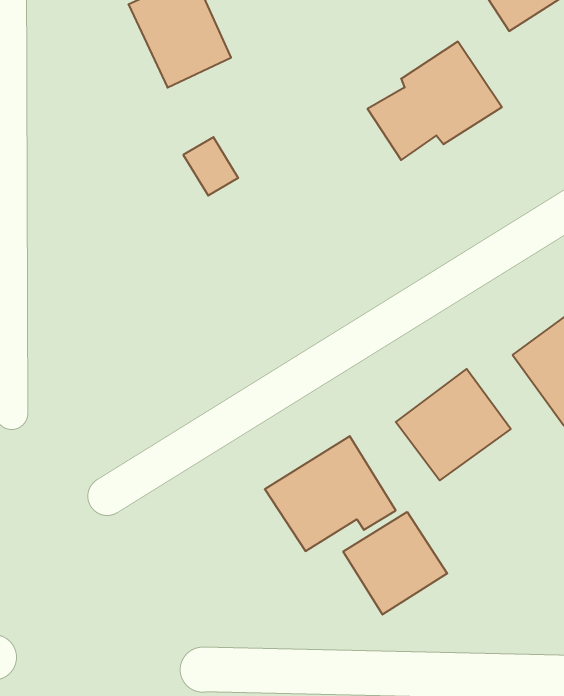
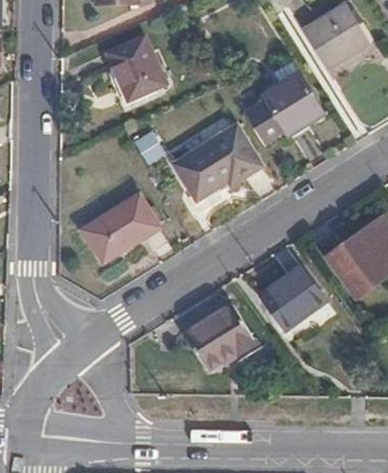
building: none -> [174,123,262,196]
building: none -> [83,189,160,258]
building: [343,512,447,615] -> none

